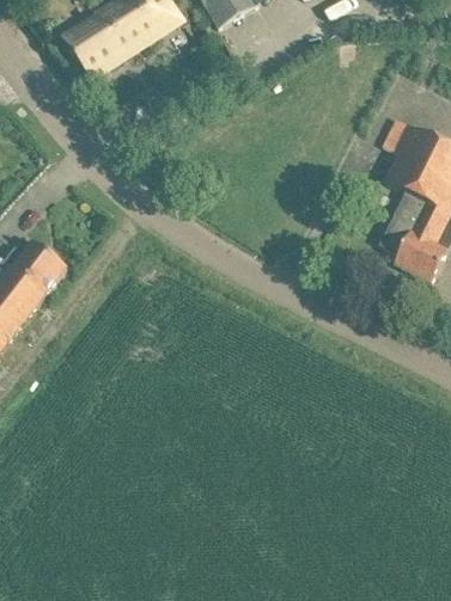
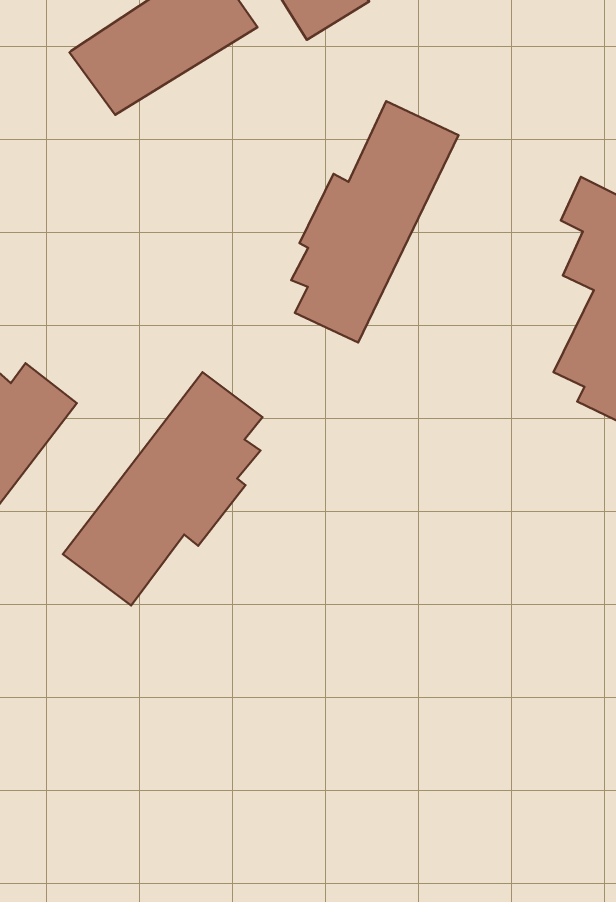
building: none -> [291,101,458,342]
building: none -> [63,372,262,606]

